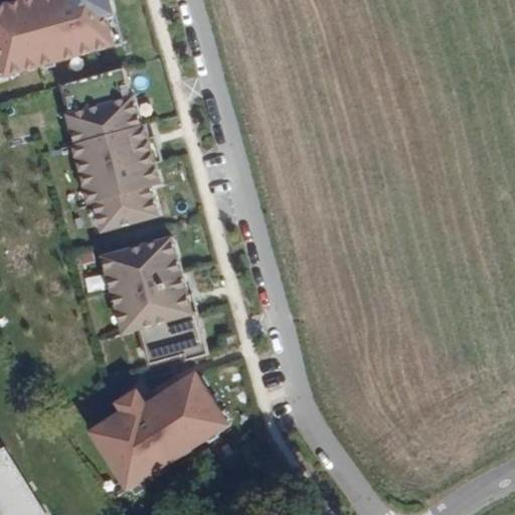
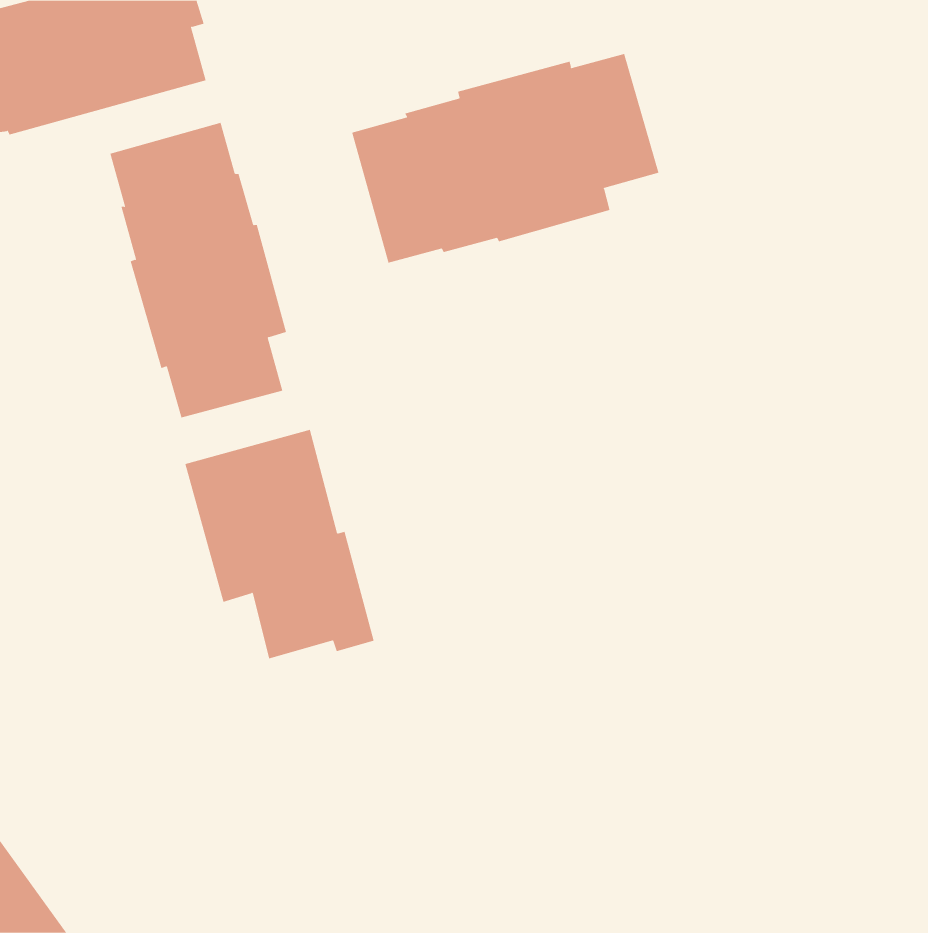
building: none -> [352,53,659,264]
building: [89,371,227,486] -> none

